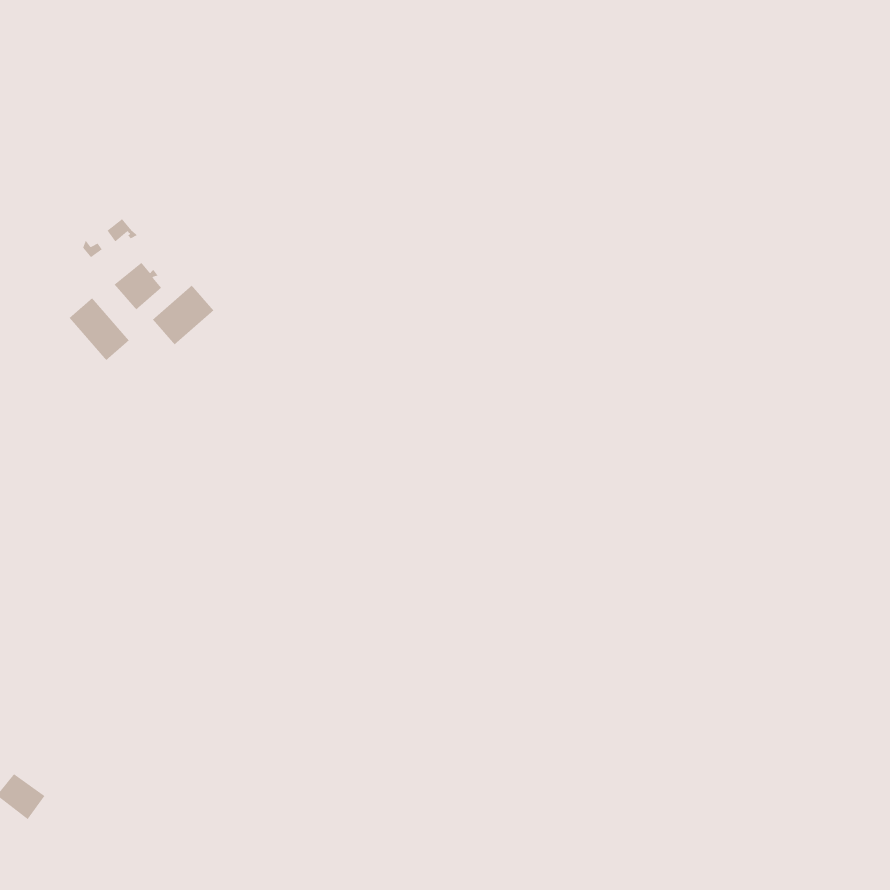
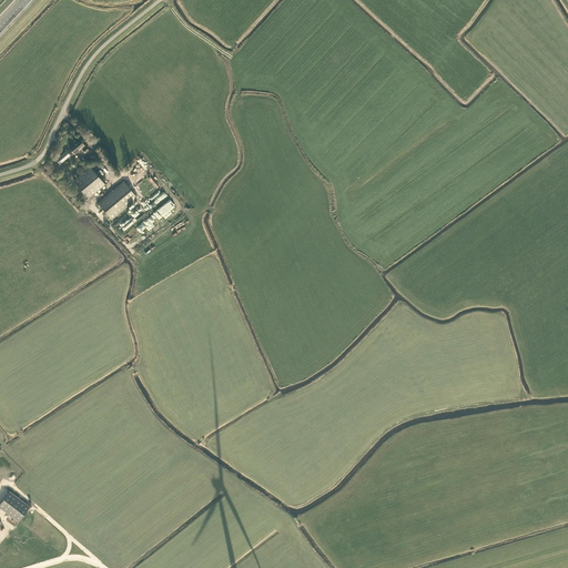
building: [69,297,130,361] -> none

